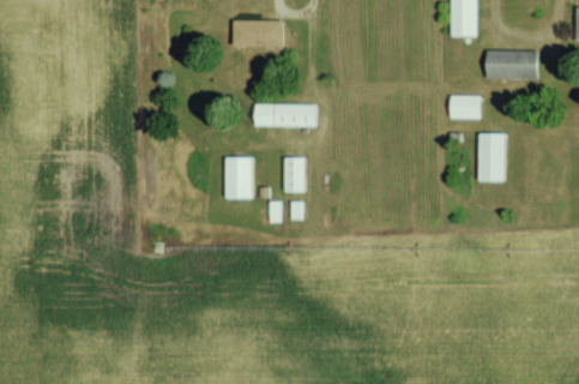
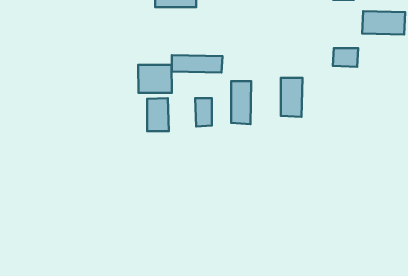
building: none -> [138,65,172,93]
building: [480,133,506,181] -> [281,78,302,117]
building: none -> [231,81,251,124]

